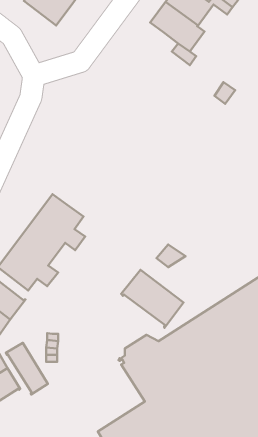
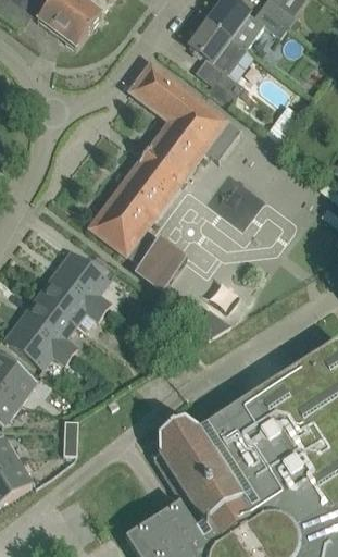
building: none -> [89,62,240,289]
building: [121,270,183,328] -> none
building: [6,343,48,395] -> none

